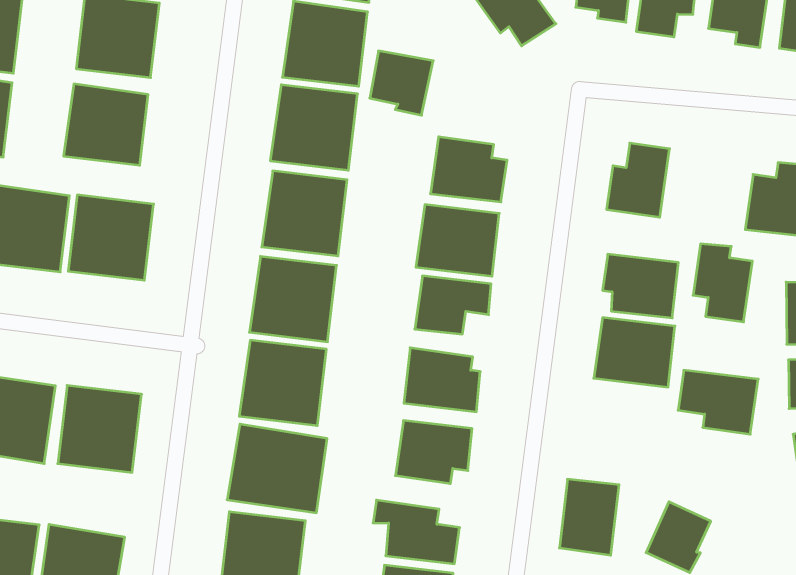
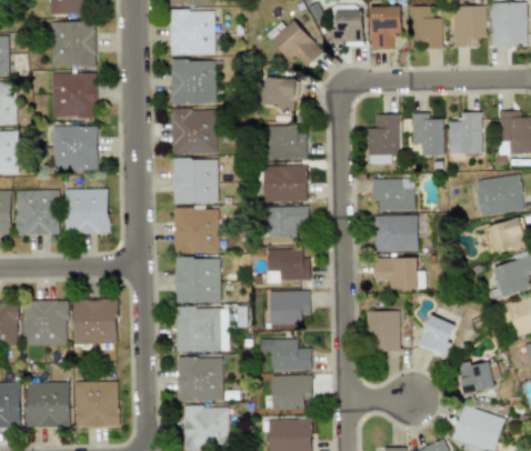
building: [370,51,433,115] -> [264,77,298,110]
building: [693,244,752,322] -> [413,112,444,154]
building: [678,370,758,434] -> [374,257,418,289]

